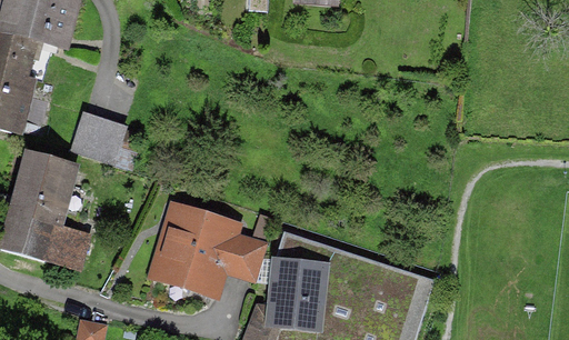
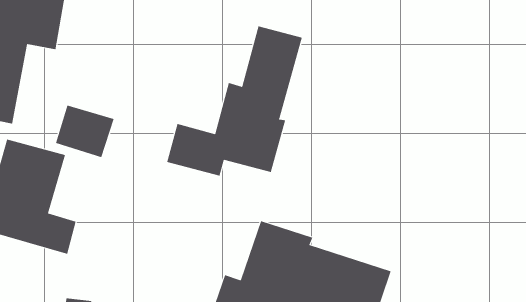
building: none -> [166,25,302,177]
building: [150,204,259,293] -> none

